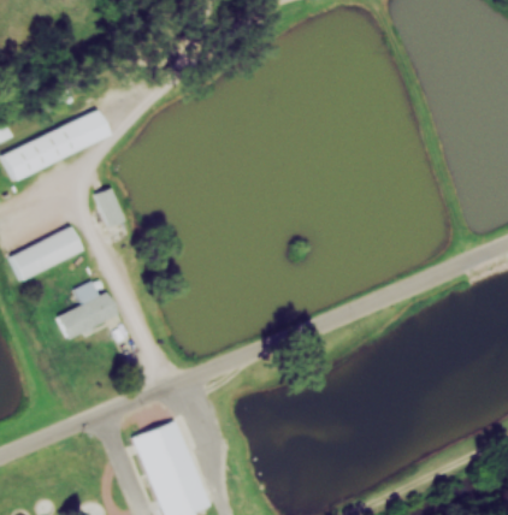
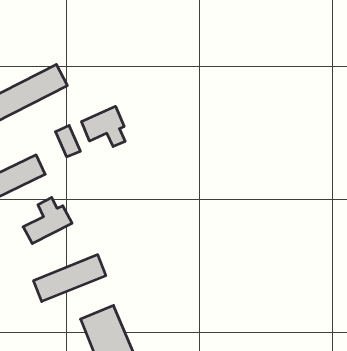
building: none -> [82,106,125,147]
building: none -> [34,255,106,302]

